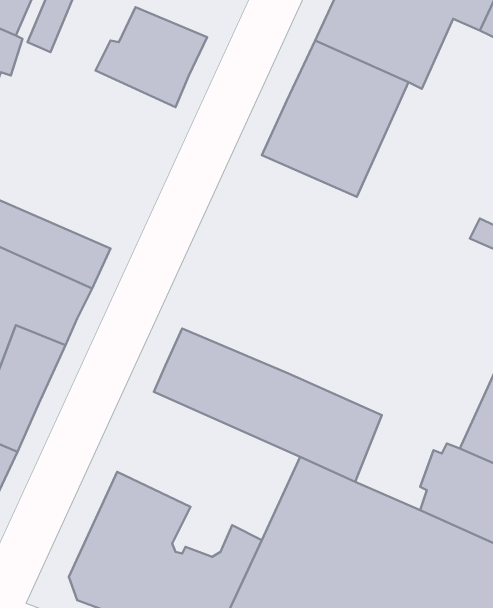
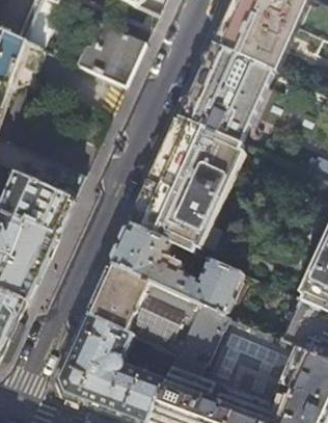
building: none -> [129,116,244,253]
building: none -> [88,264,202,356]

